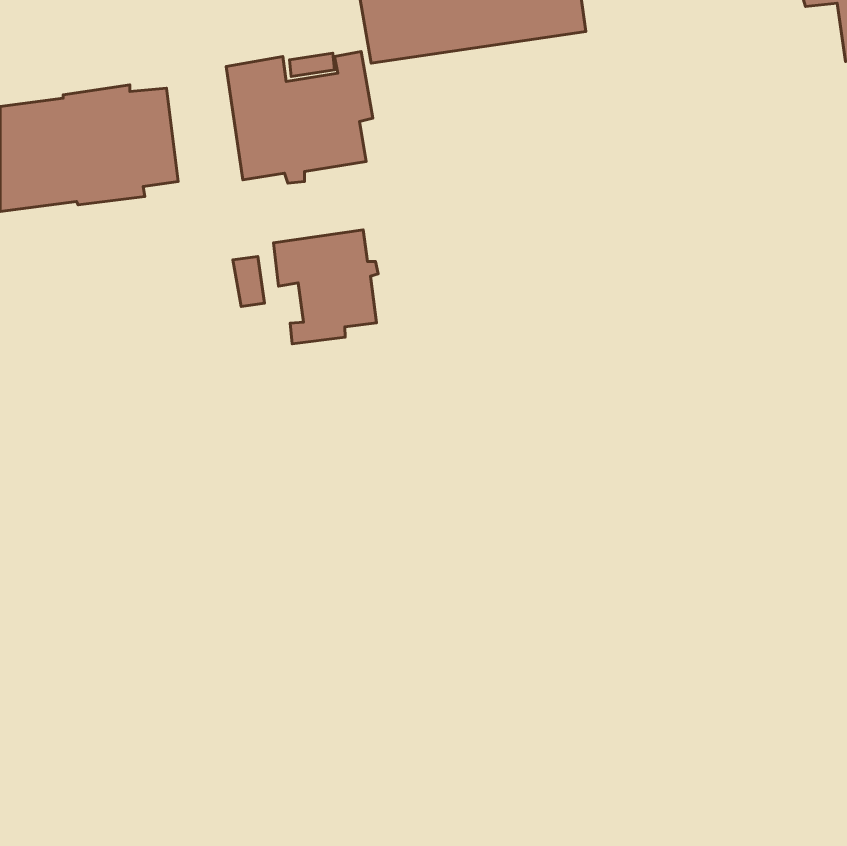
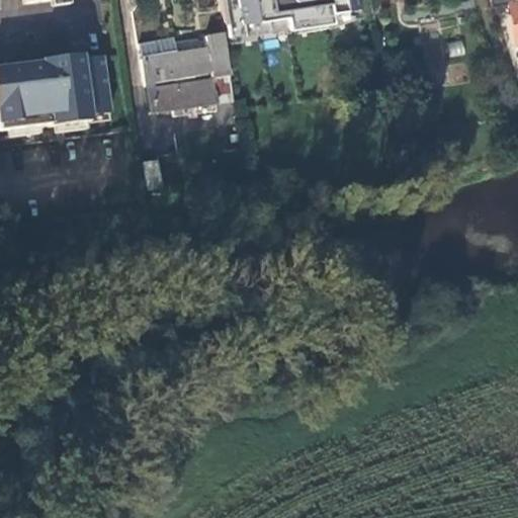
building: [274,230,378,344] -> none

